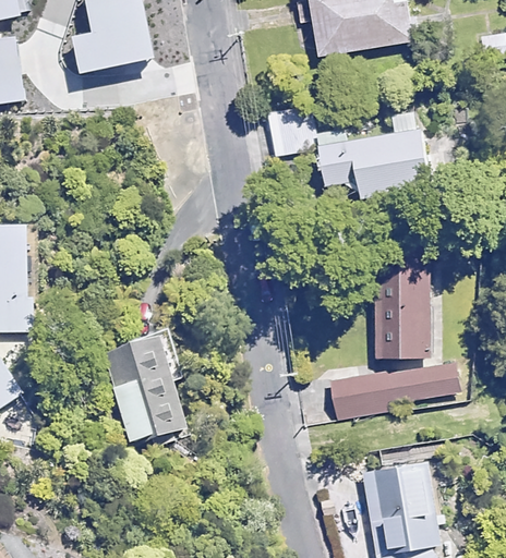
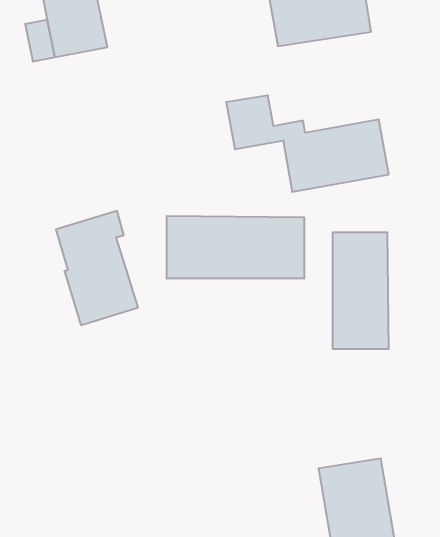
building: none -> [167,216,304,279]
building: [105,330,186,444] -> [56,211,138,325]
building: [332,363,465,417] -> none

